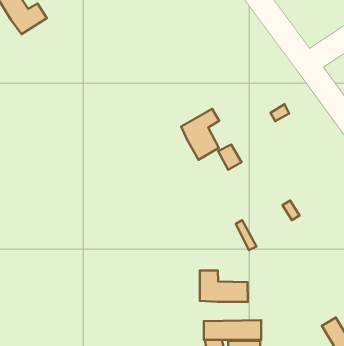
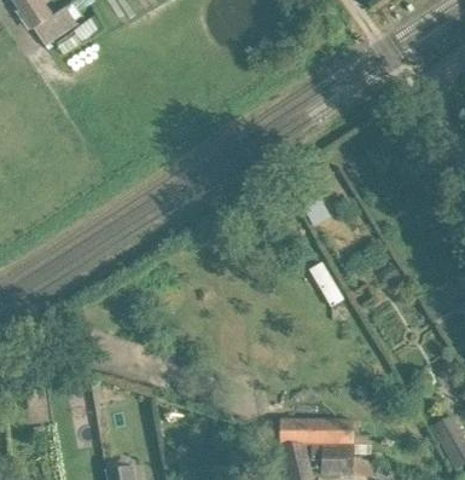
building: [181,109,219,160] -> none
building: [200,271,248,302] -> none

